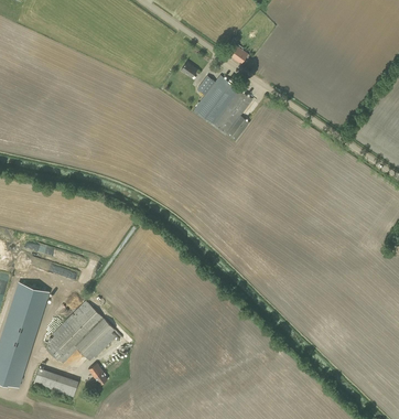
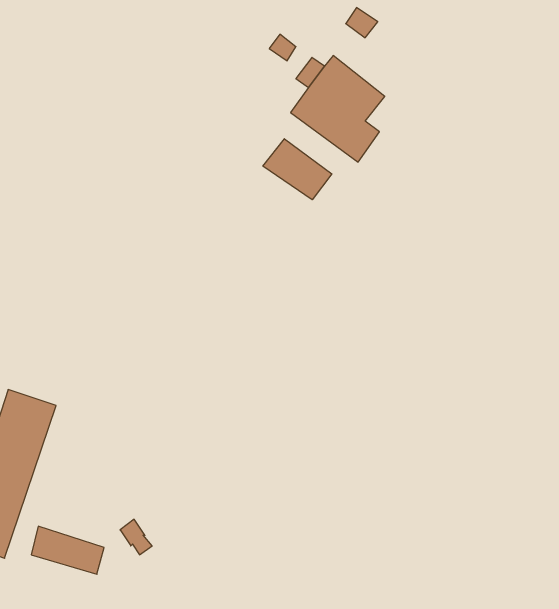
building: none -> [263,139,332,200]
building: [46,300,116,363] -> none

